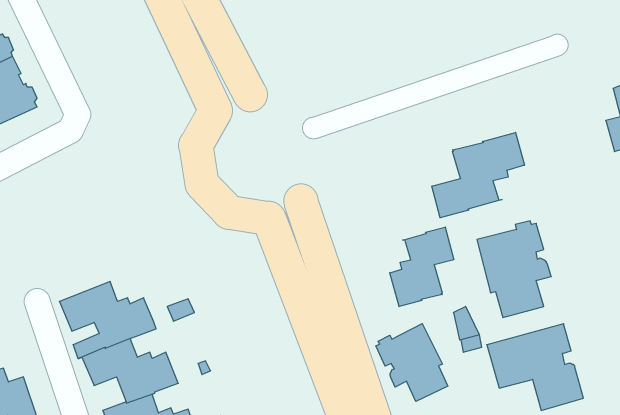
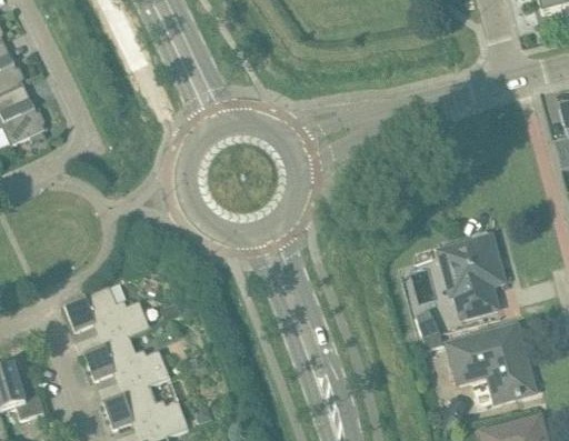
building: [432,132,524,218] -> none
building: [390,227,454,307] -> none
building: [376,324,448,401] -> none

